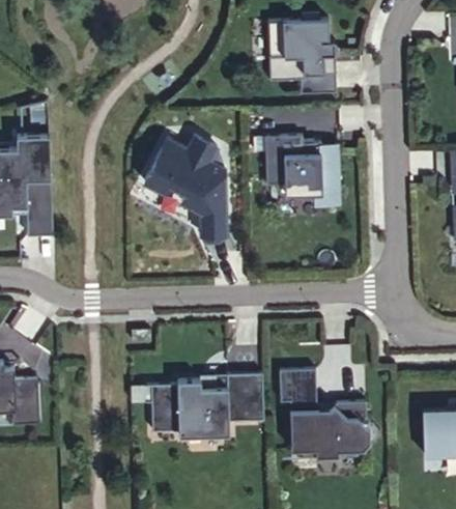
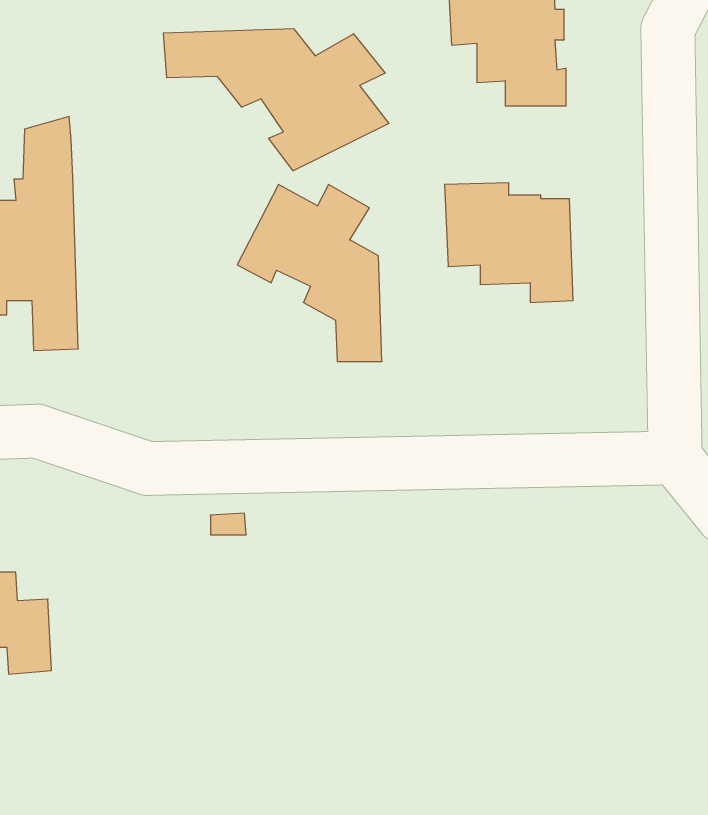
building: none -> [163,29,389,171]
building: [280,370,371,458] -> none
building: [131,373,263,437] -> none

